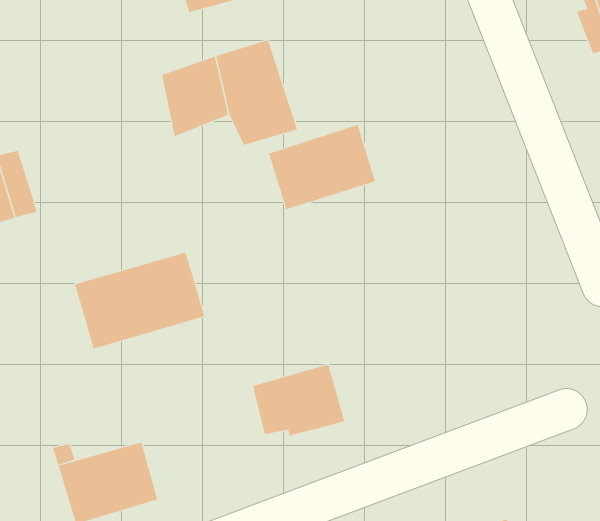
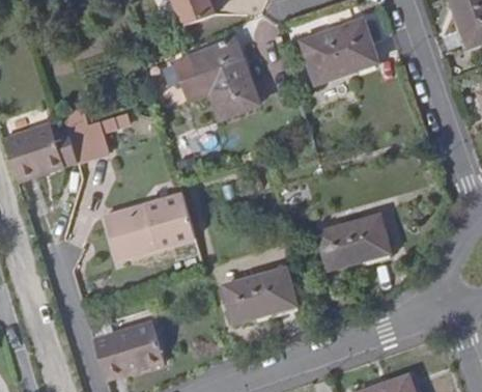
building: [268,124,376,210] -> [301,25,376,85]
building: none -> [60,105,116,162]
building: none -> [317,218,387,269]

